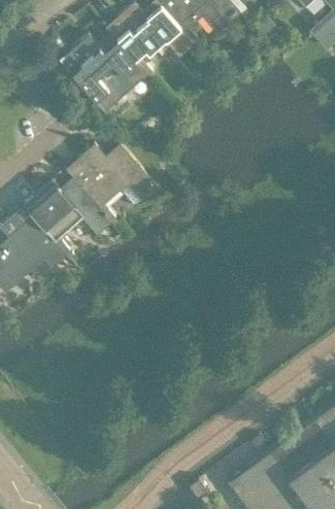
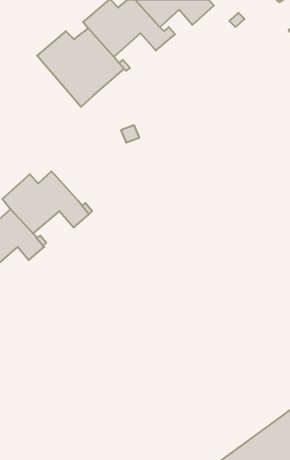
building: [65,144,157,208] -> none

